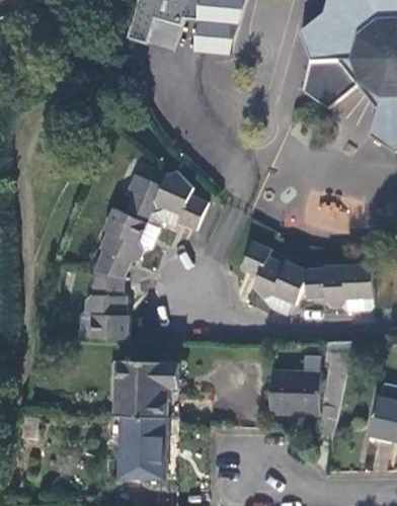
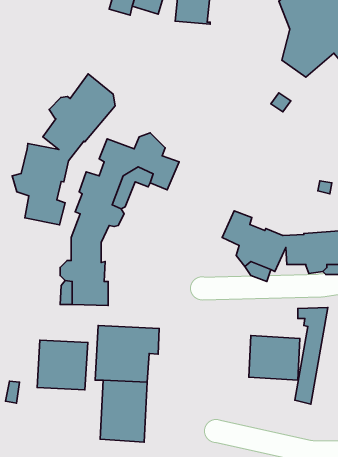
building: none -> [12,74,115,225]
building: none -> [37,340,88,390]

